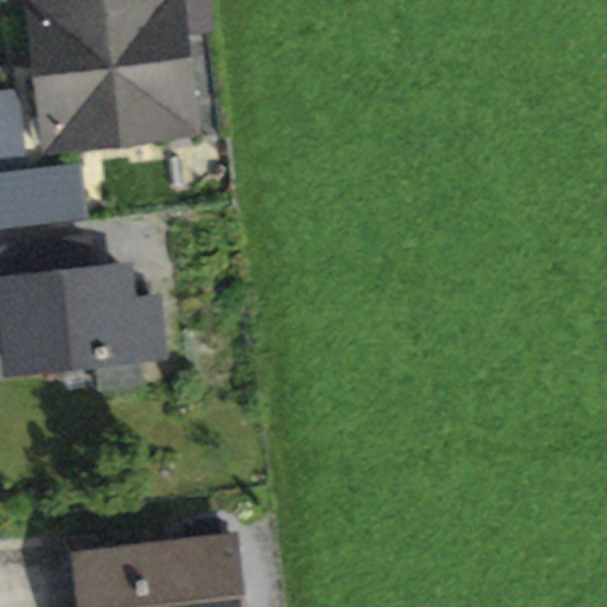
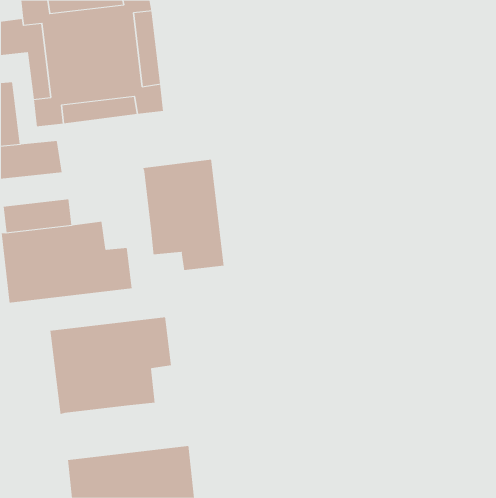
building: none -> [143,159,224,271]
building: none -> [50,316,171,415]

